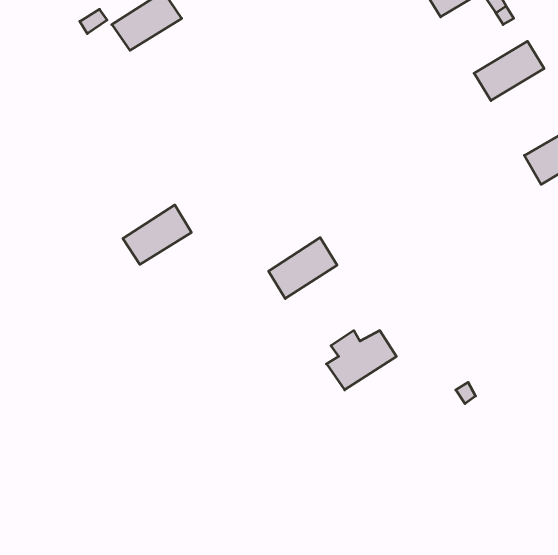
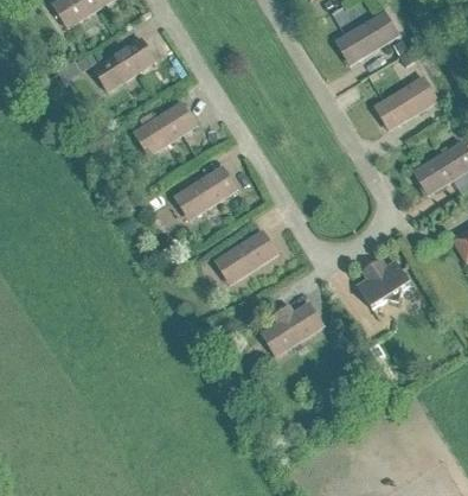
building: none -> [139,104,192,151]
building: [123,205,191,264] -> [179,168,232,215]
building: none -> [353,263,405,310]

